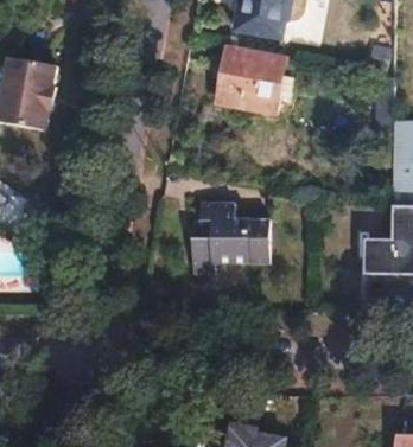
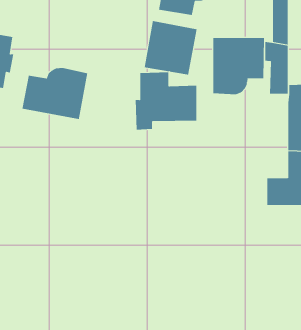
building: none -> [213,37,265,95]
building: none -> [22,67,88,120]
building: [191,203,268,275] -> [135,72,197,130]

